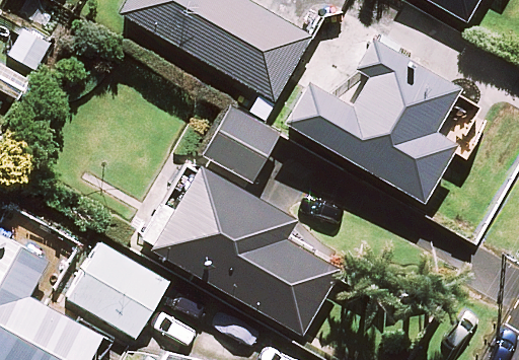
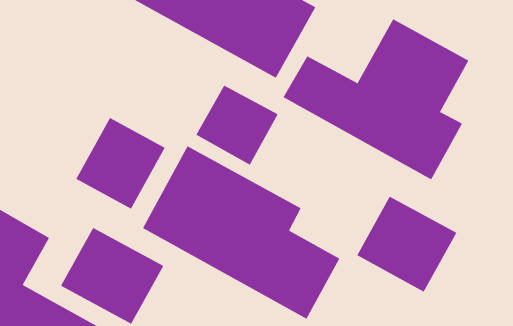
building: none -> [75,117,165,209]
building: none -> [356,196,457,293]

